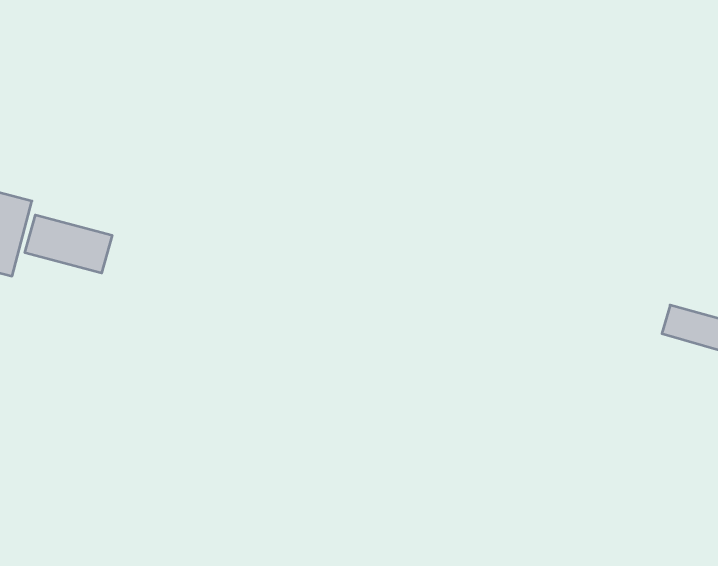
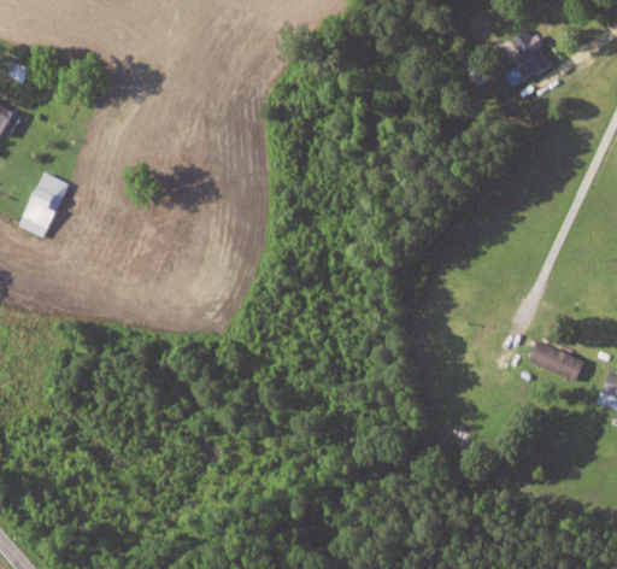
building: [25,215,112,273] -> none

